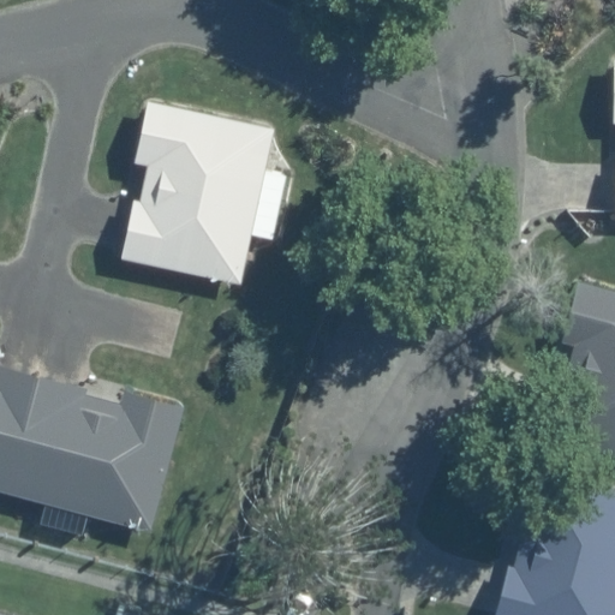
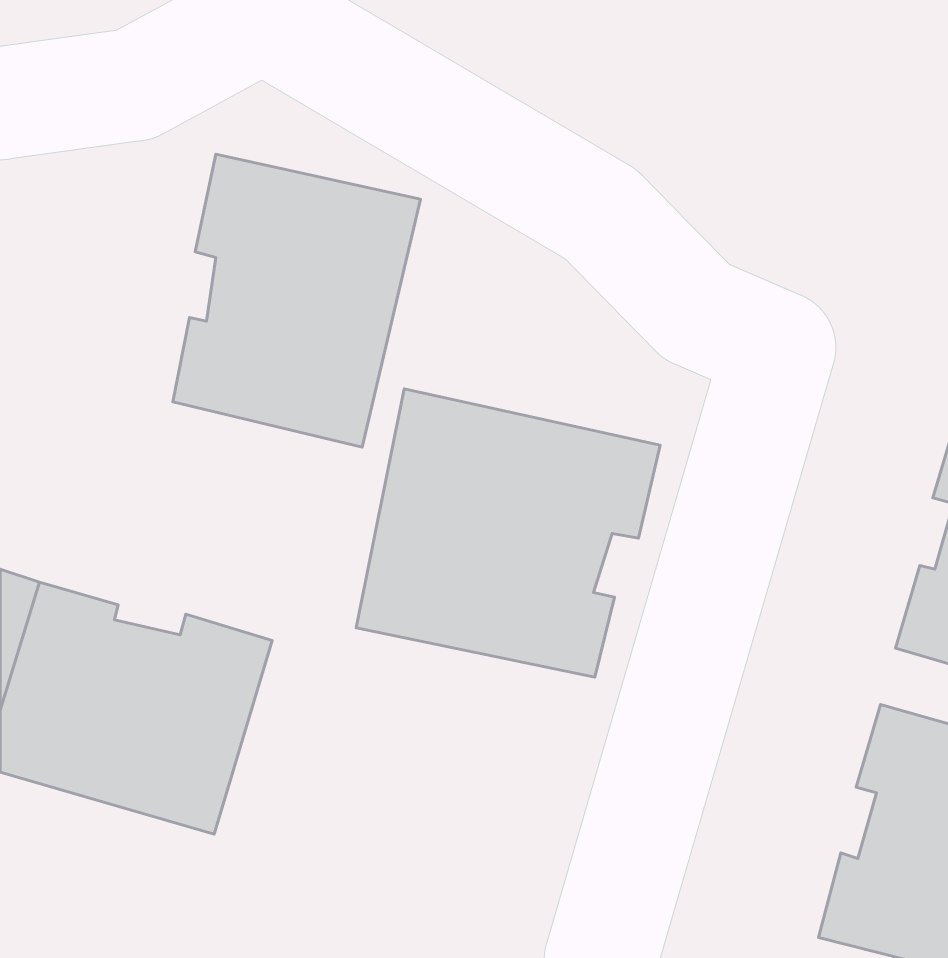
building: none -> [356,389,660,677]

